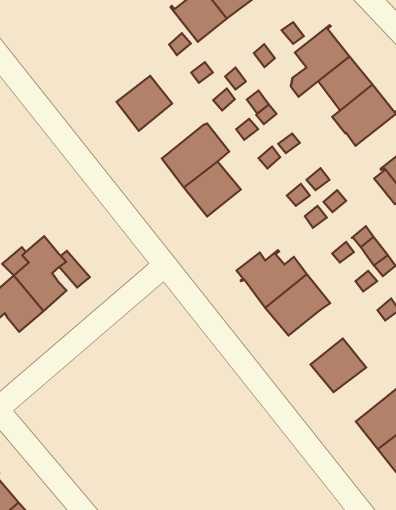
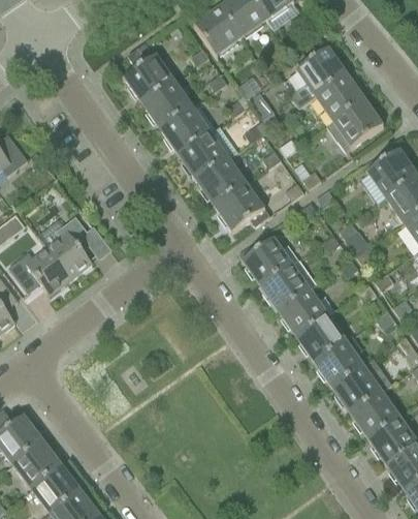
building: none -> [123,43,173,103]
building: none -> [161,102,217,154]
building: none -> [216,184,270,233]
building: none -> [280,291,334,337]
building: none -> [316,336,362,388]

